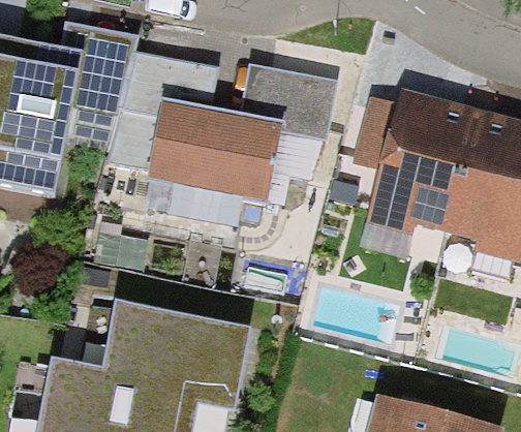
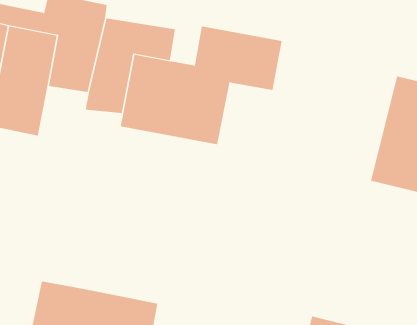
building: [367,101,476,244] -> none
building: [112,309,249,397] -> none

